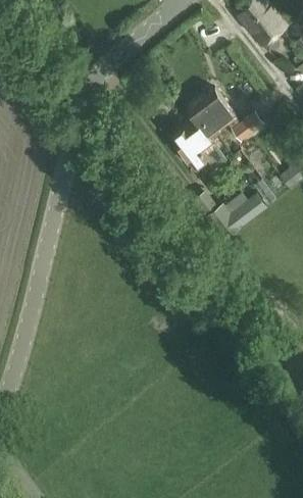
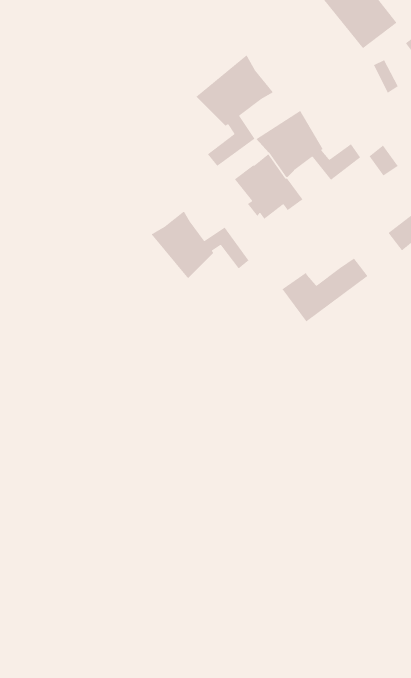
building: none -> [196,54,273,167]
building: none -> [150,211,250,279]

